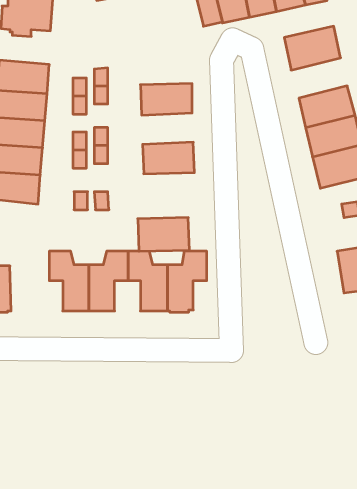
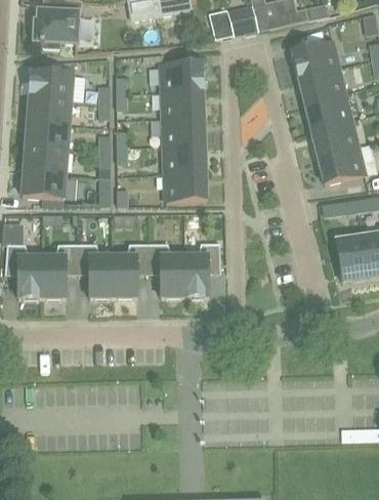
building: none -> [158,60,206,91]
building: none -> [296,67,347,103]
building: none -> [160,117,207,145]
building: [138,218,189,251] -> [162,171,209,202]
building: none -> [40,243,76,297]

